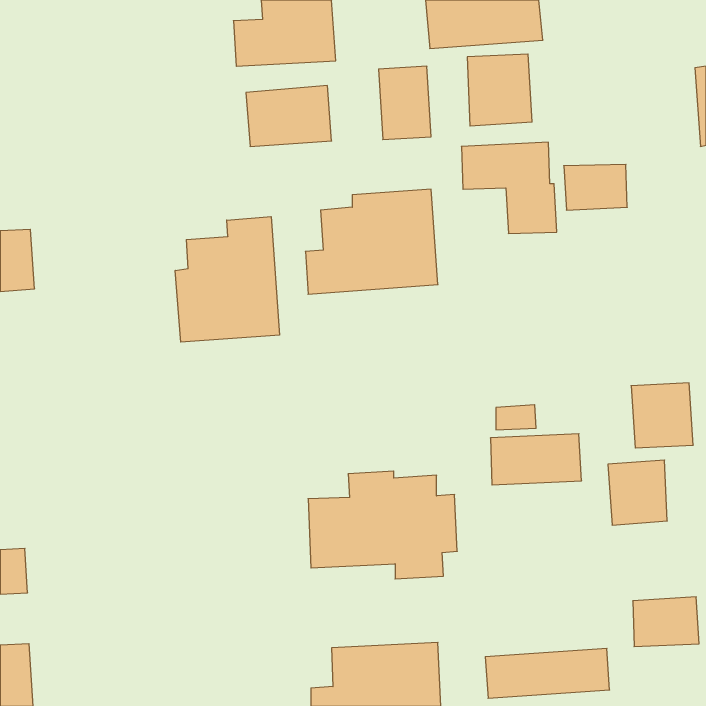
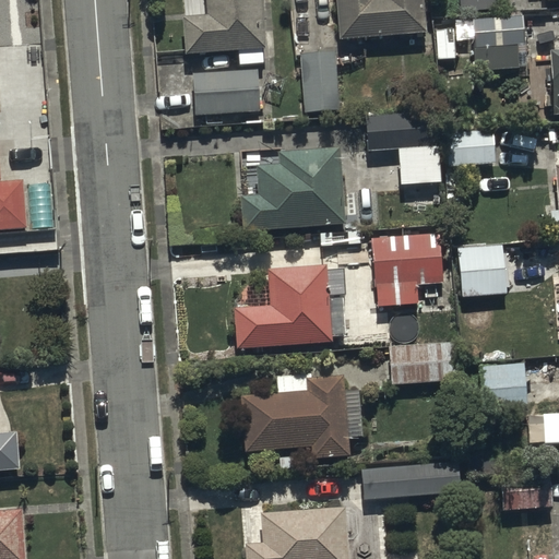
building: [467,54,532,126] -> [474,14,525,71]
building: [175,217,279,342] -> none
building: none -> [371,233,444,307]
building: none -> [235,266,333,348]
building: [631,383,693,448] -> [456,245,506,296]
building: [485,648,610,698] -> [362,461,461,500]

